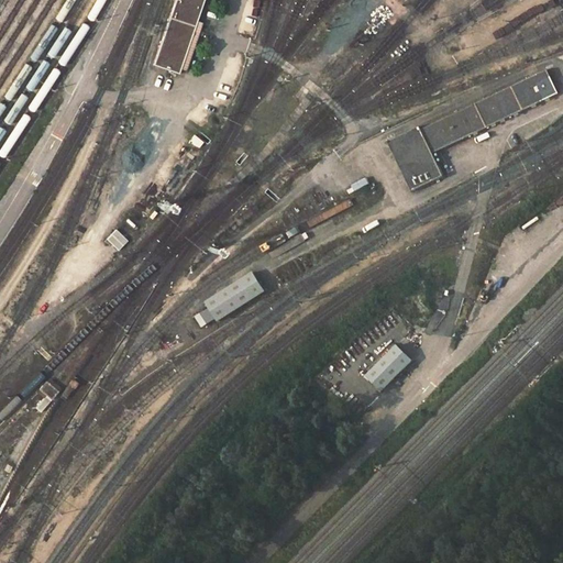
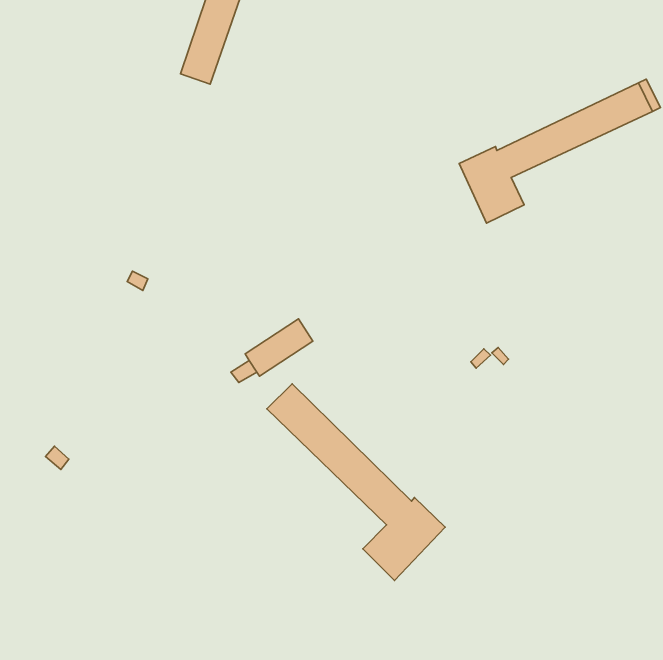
building: none -> [267,384,445,580]
building: [368,344,411,388] -> none

